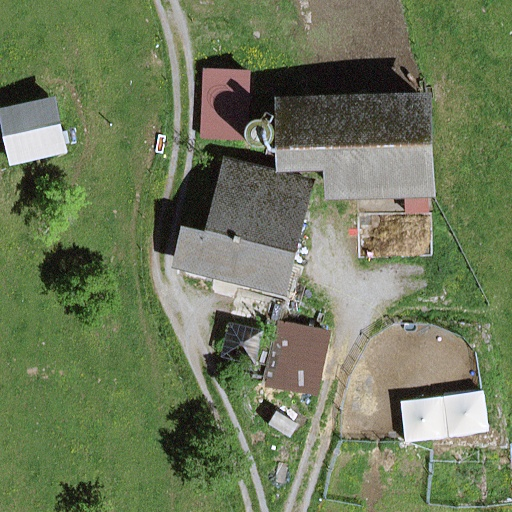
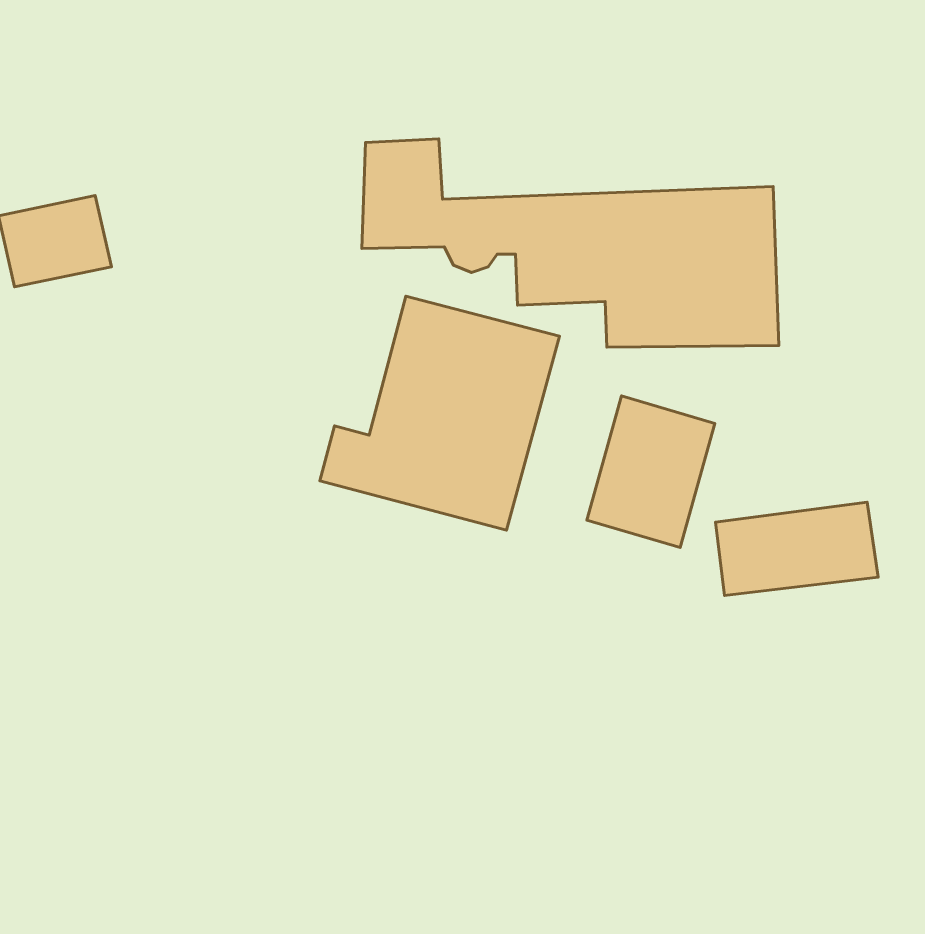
building: [265,317,335,400] -> [587,396,715,548]
building: [406,389,495,440] -> [715,502,878,595]

